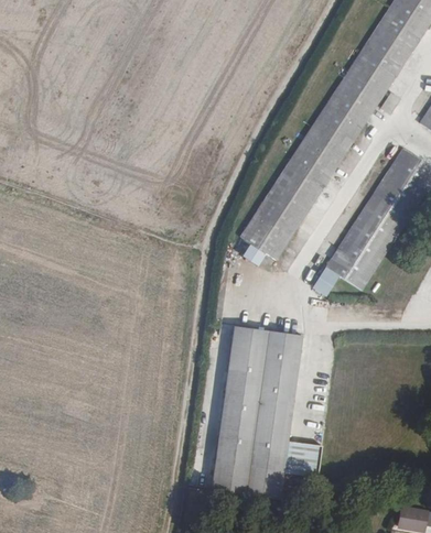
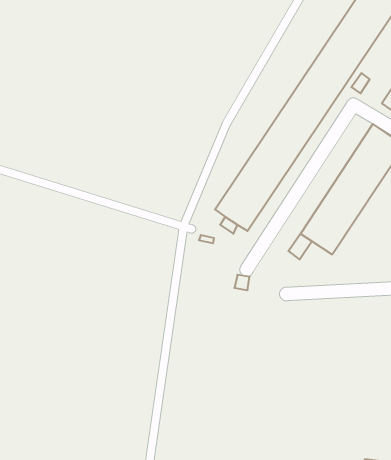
building: [212,329,320,500] -> none

